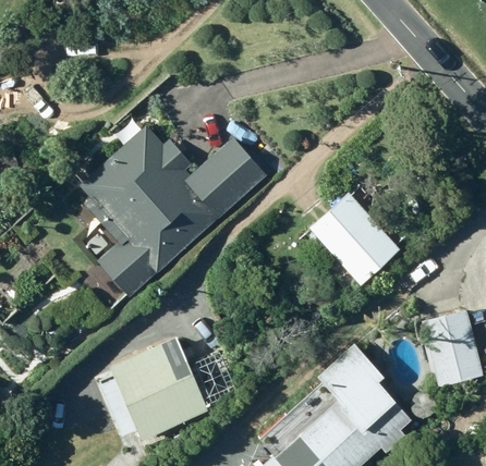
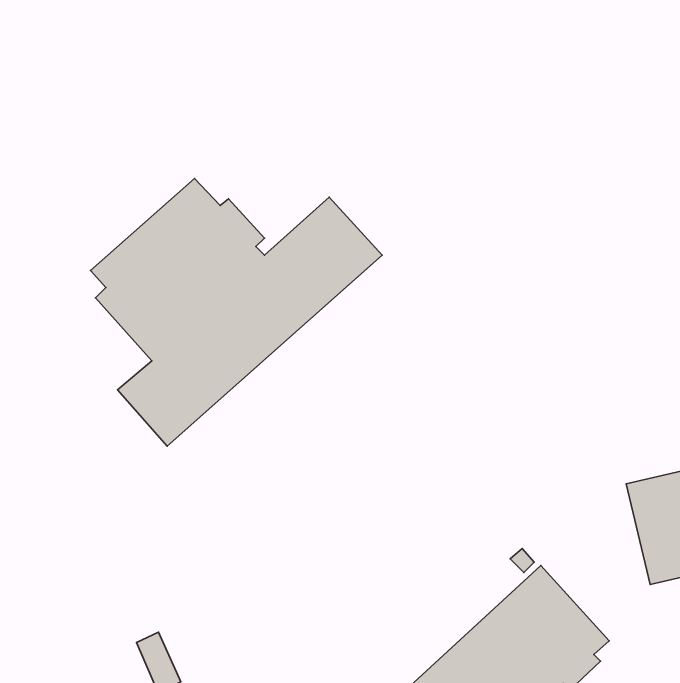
building: [306,192,400,286] -> none
building: [106,336,208,441] -> none

